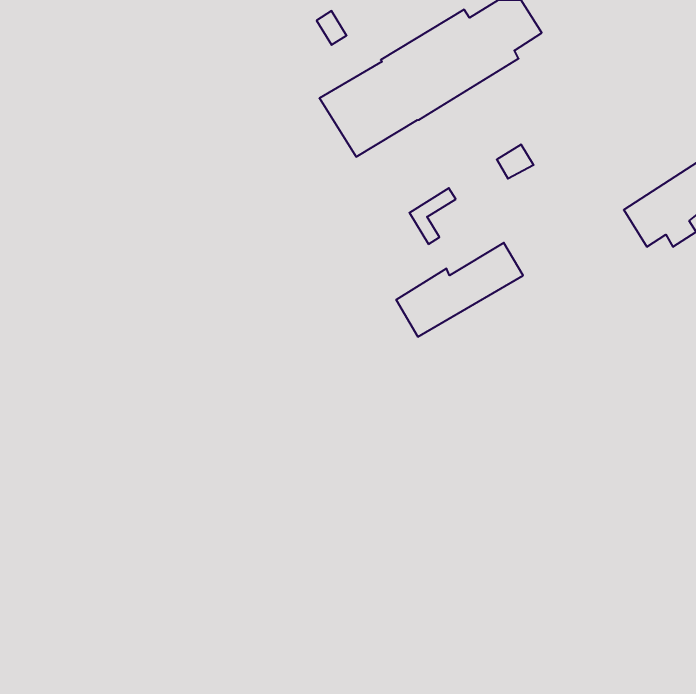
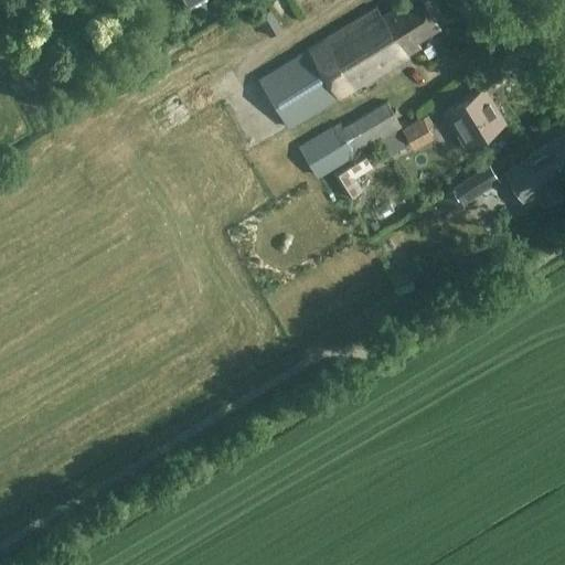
building: none -> [444,89,505,149]
building: none -> [451,164,498,204]
building: [396,243,523,337] -> [299,103,402,179]

